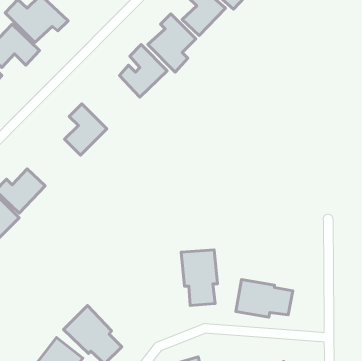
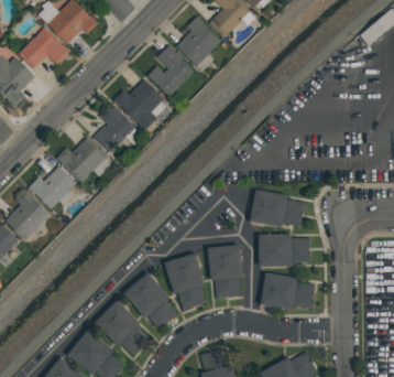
building: none -> [113,79,164,130]
building: none -> [56,137,107,183]
building: none -> [249,190,304,228]
building: none -> [259,235,309,267]
building: none -> [164,254,206,311]
building: none -> [122,272,177,328]

